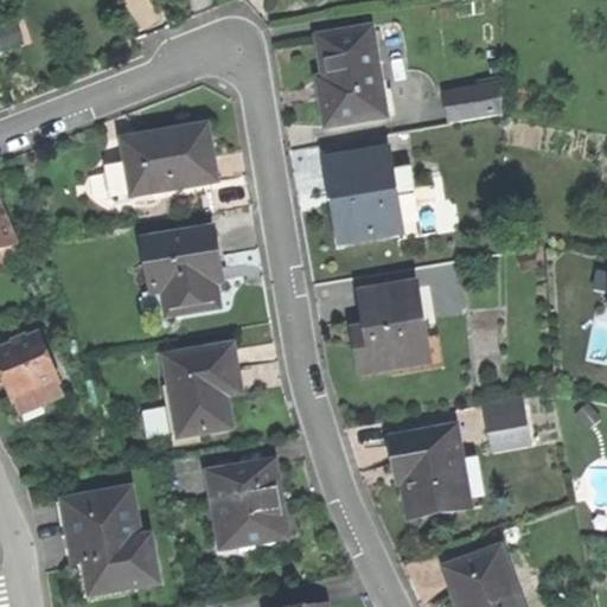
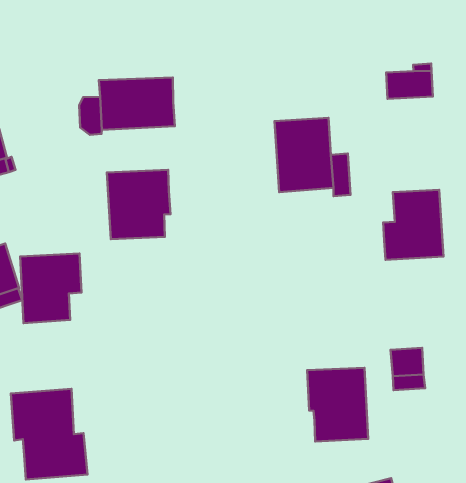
building: [317,27,388,124] -> none
building: [354,283,427,369] -> [383,190,444,260]
building: [164,345,237,430] -> [20,253,81,323]
building: [209,458,288,544] -> none

